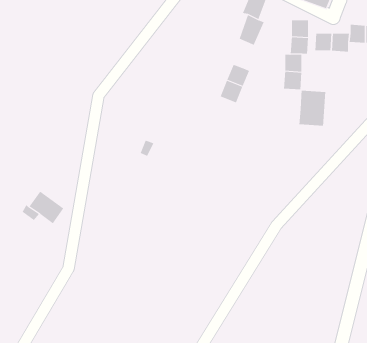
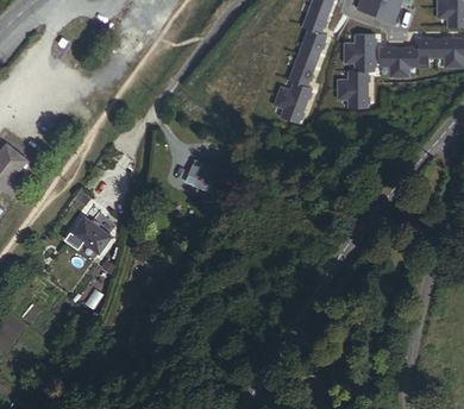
building: none -> [287,54,314,86]
building: [299,90,326,127] -> none

